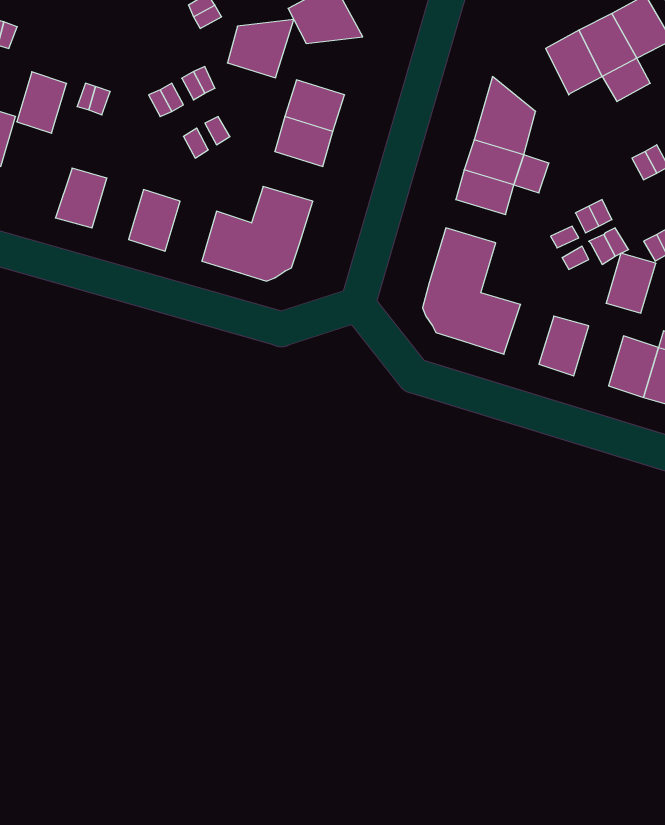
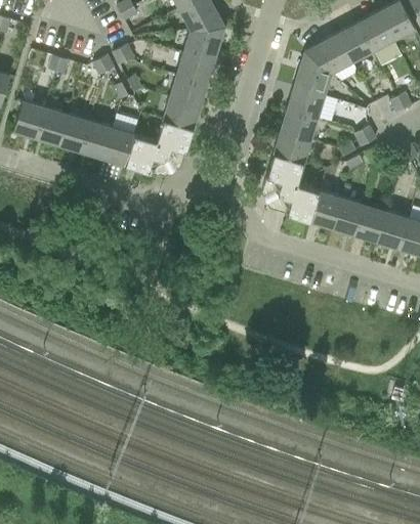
building: [227,20,294,78] -> [183,27,224,62]
building: none -> [304,34,359,82]
building: [17,72,67,133] -> [13,100,44,138]
building: none -> [163,97,200,128]
building: none -> [57,114,89,151]
building: none -> [102,115,138,165]
building: none -> [276,127,312,154]
building: [606,253,656,313] -> [354,205,385,242]
building: none -> [311,191,342,228]

